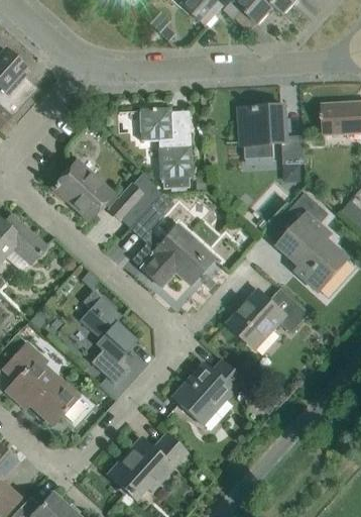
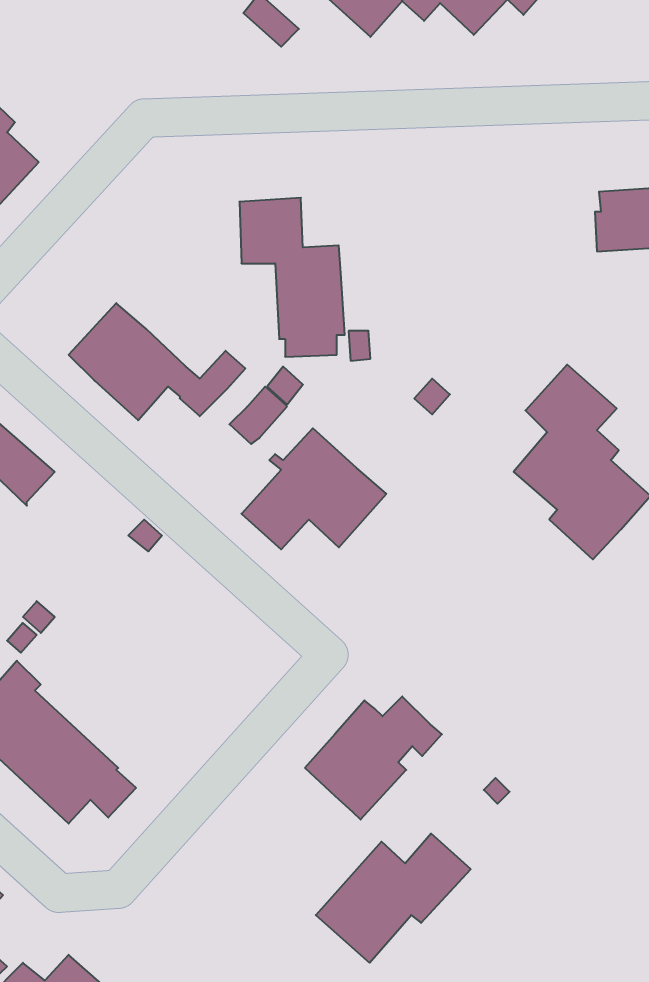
building: [239,105,305,165] -> none
building: [228,290,310,349] -> none
building: [79,296,137,383] -> none
building: [108,433,187,499] -> [316,834,471,963]

